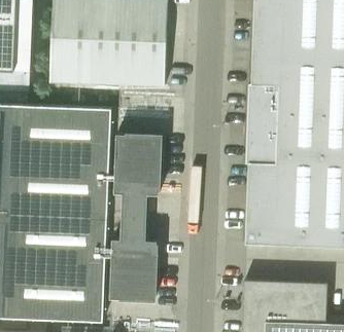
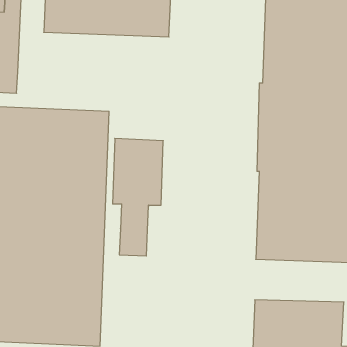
building: [49,36,166,85] -> none
building: [110,237,157,299] -> none

